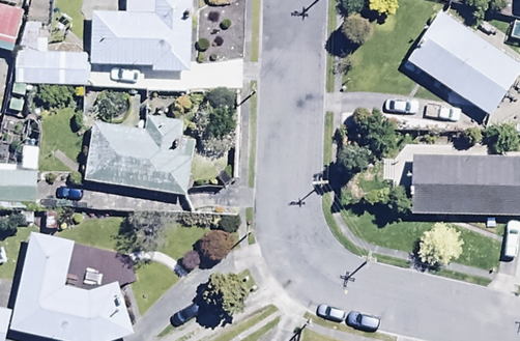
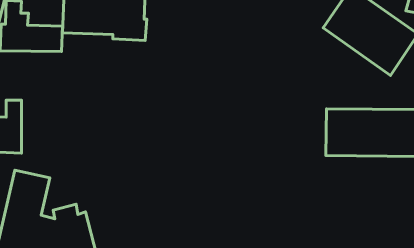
building: [85,115,195,195] -> none

